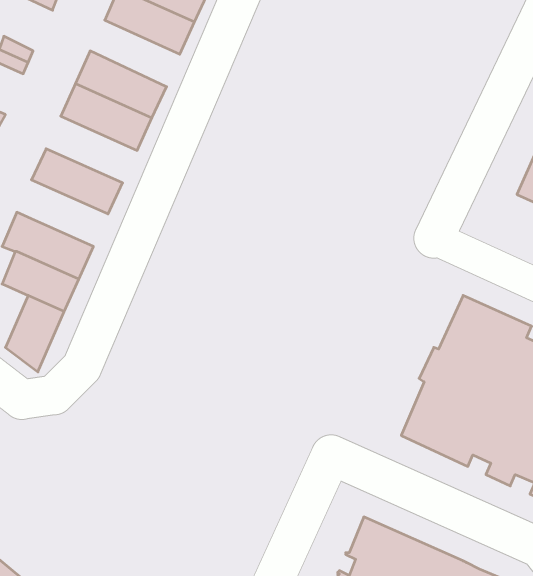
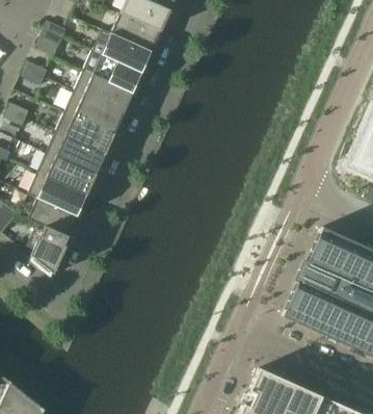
building: none -> [84,50,141,93]
building: none -> [56,111,114,154]
building: none -> [37,152,96,195]

